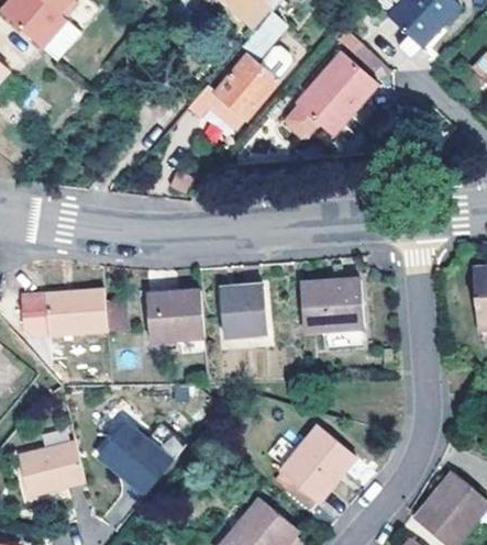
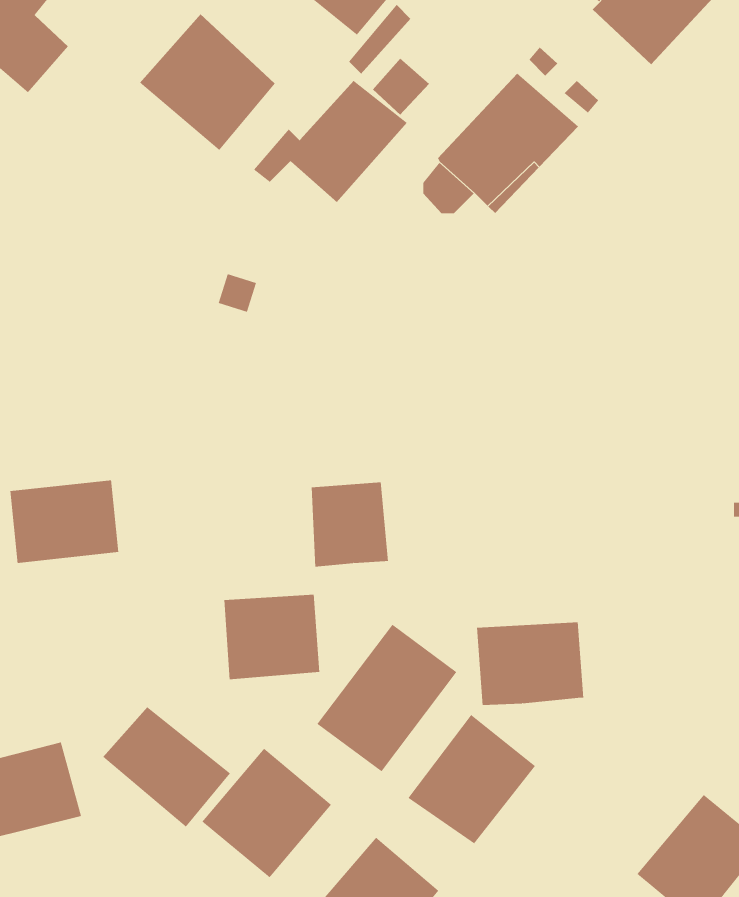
building: none -> [139,13,275,151]
building: [299,283,363,333] -> [476,622,584,706]
building: [146,291,203,342] -> [223,594,320,680]
building: none -> [317,624,457,772]
building: none -> [202,748,332,878]

